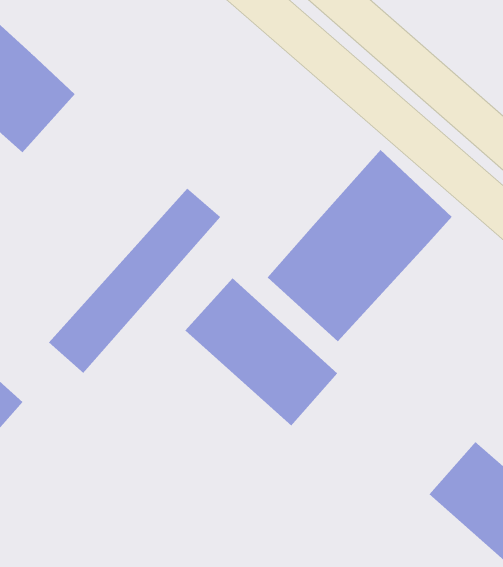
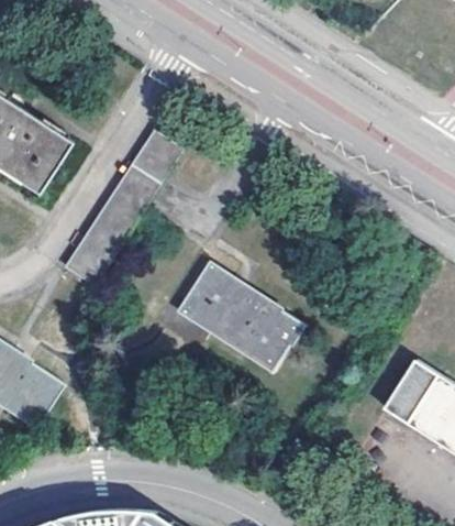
building: [267,149,452,342] -> none
building: [48,188,221,374] -> [65,132,184,287]

